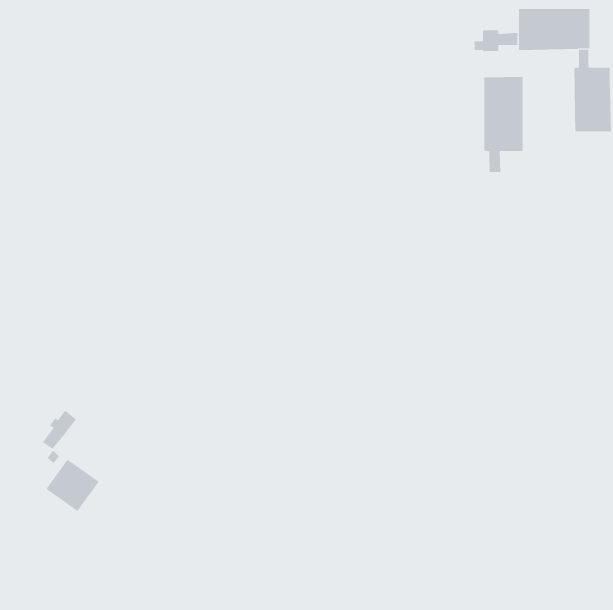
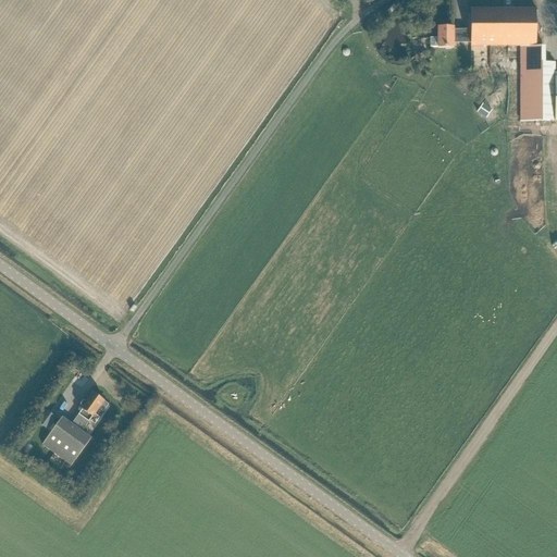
building: [484,76,523,173] -> none
building: [42,410,77,449] -> [72,392,103,428]

